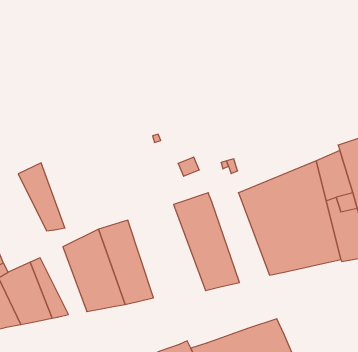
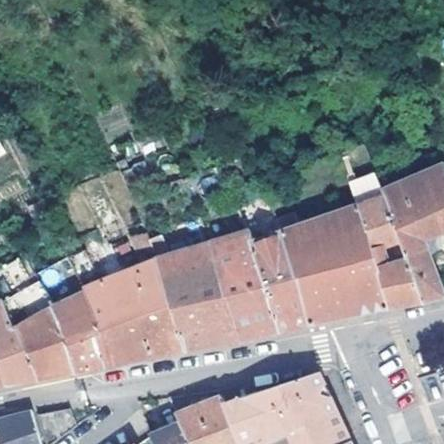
building: [18,163,65,231] -> [51,296,102,370]
building: none -> [239,237,302,335]
building: none -> [138,241,232,355]

